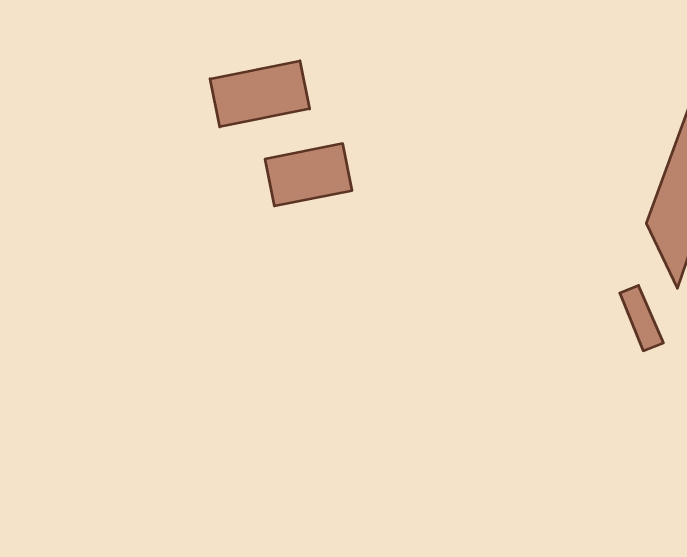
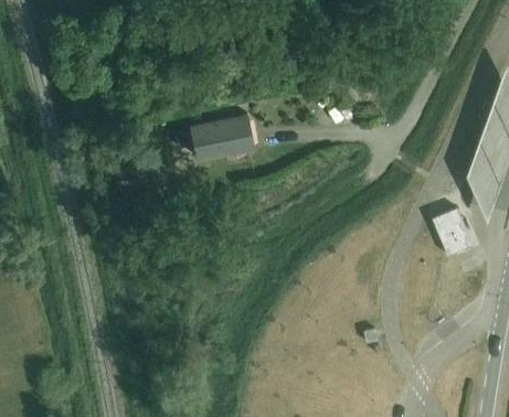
building: [210,61,310,127] -> none

